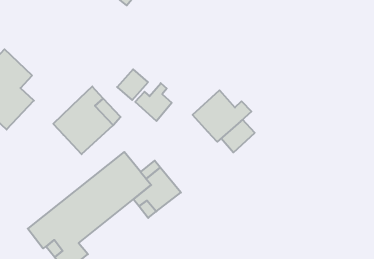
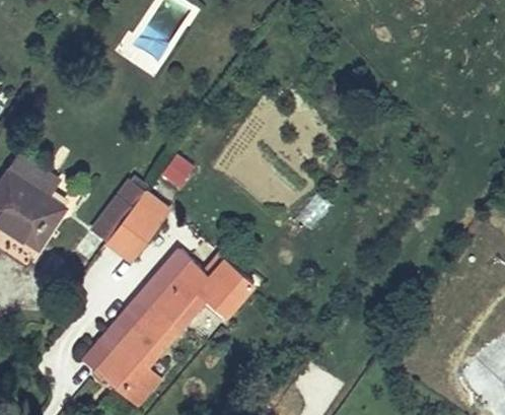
building: [135,83,172,121] -> none
building: [193,90,251,142] -> none

